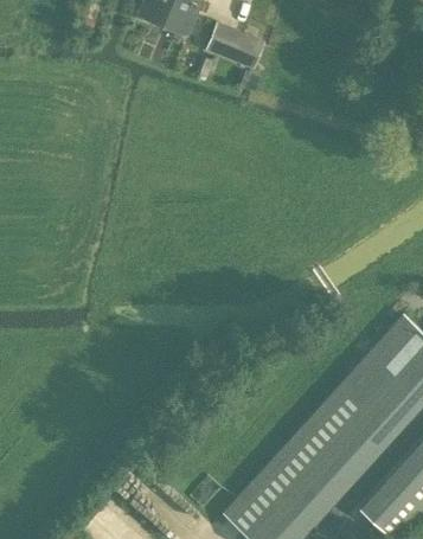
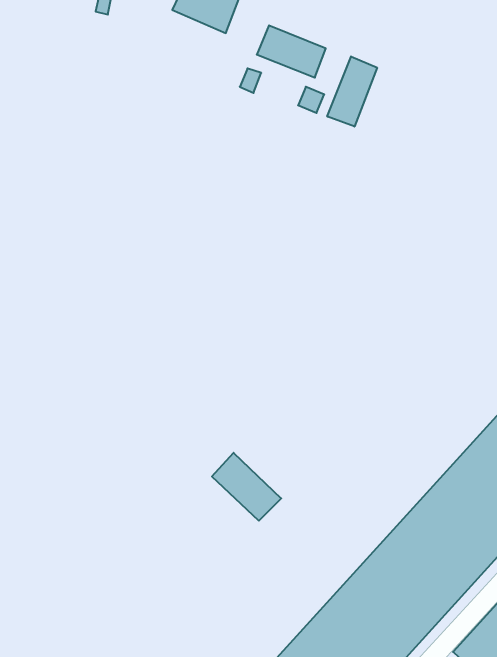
building: none -> [327,56,377,127]
building: none -> [212,453,281,521]

